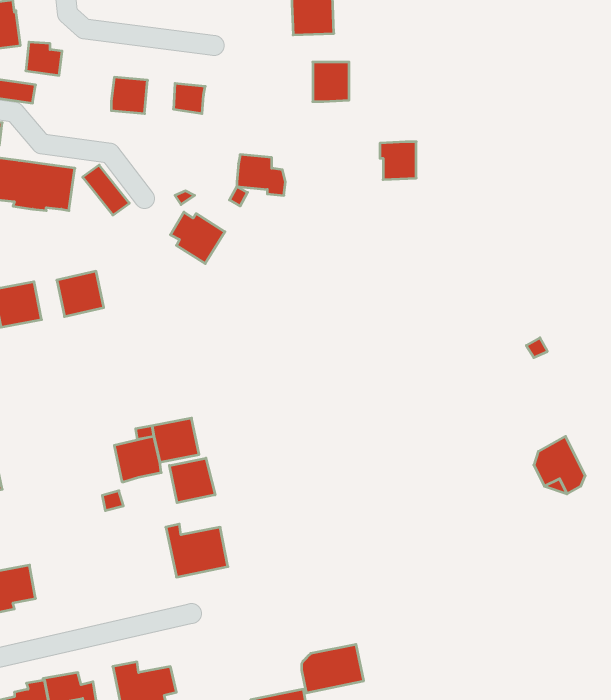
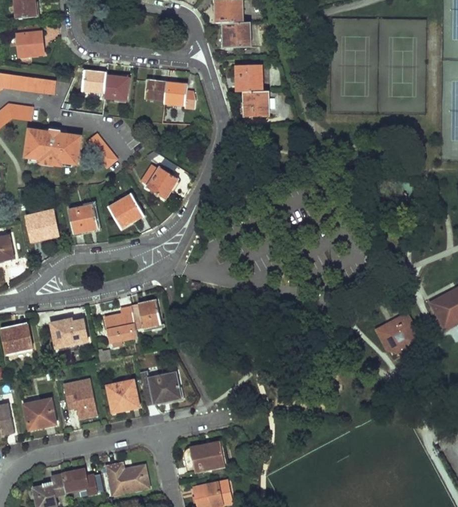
building: [26,42,62,75] -> [82,70,106,92]
building: [380,142,416,180] -> [244,91,268,116]
building: [237,155,285,195] -> [164,82,196,109]
building: none -> [109,195,143,228]
building: none -> [51,318,88,348]
building: [169,458,215,503] -> none
building: none -> [61,377,97,420]
building: none -> [108,380,139,413]
building: [302,644,364,693] -> [182,441,223,473]

